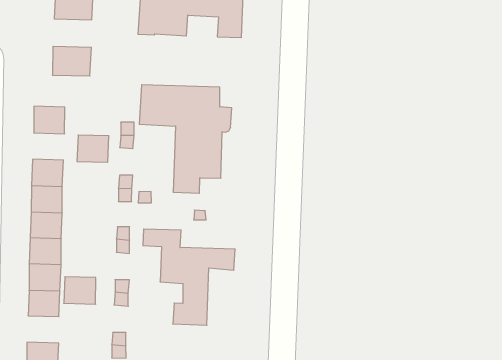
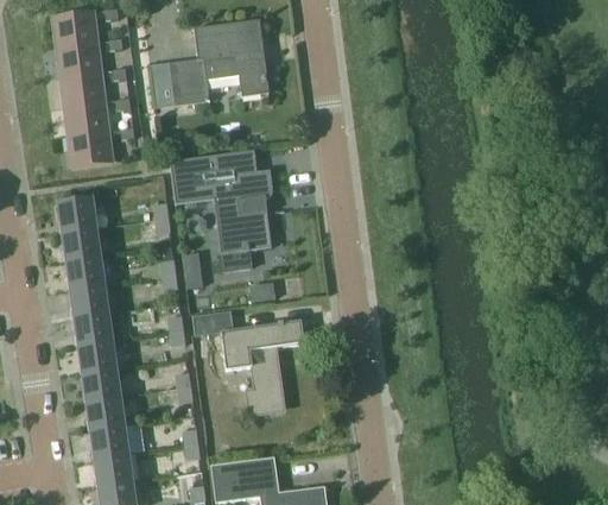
building: none -> [64,101,109,137]
building: [77,135,109,162] -> [63,228,100,261]
building: [64,277,96,304] -> [90,425,128,459]

